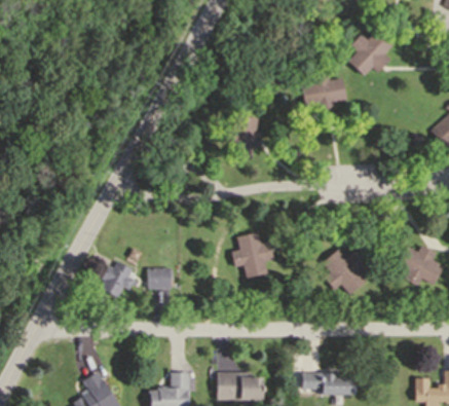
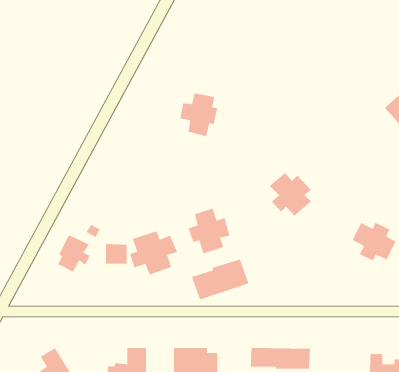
building: [349,28,396,76] -> none
building: [302,72,348,110] -> none
building: [323,249,366,294] -> [269,172,312,217]
building: none -> [129,230,178,275]
building: none -> [191,259,249,301]

